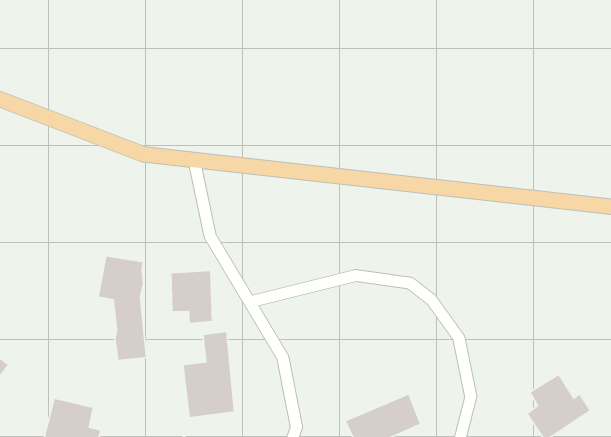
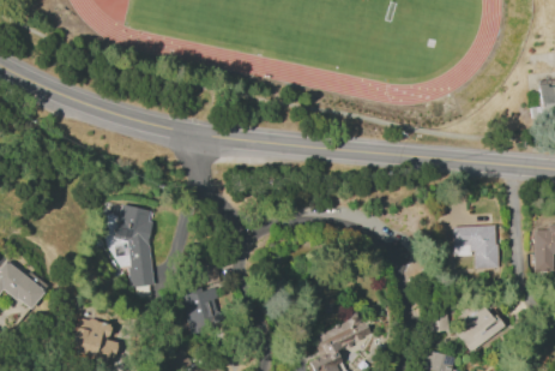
building: [171,271,213,323] -> none
building: none -> [452,225,497,268]

